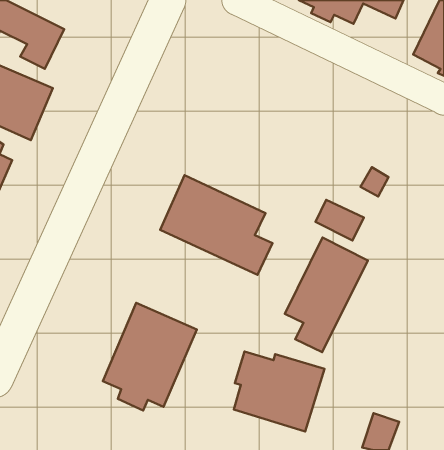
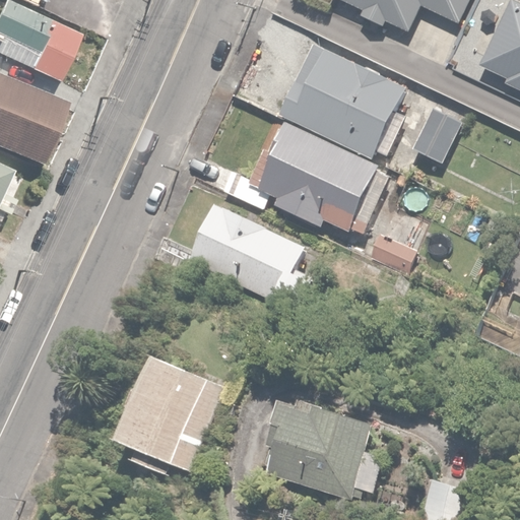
building: none -> [281,45,407,157]
building: none -> [412,108,465,171]
building: none -> [219,123,380,231]
building: [285,238,368,352] -> none

